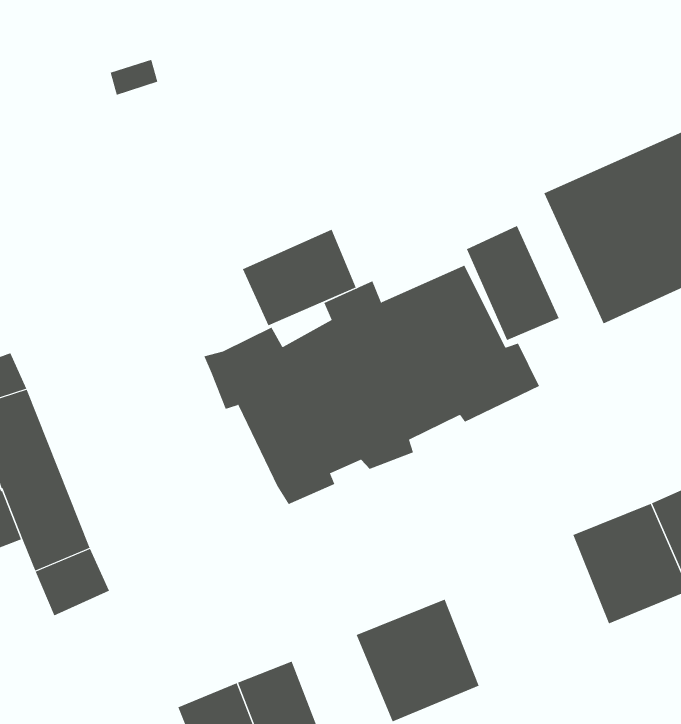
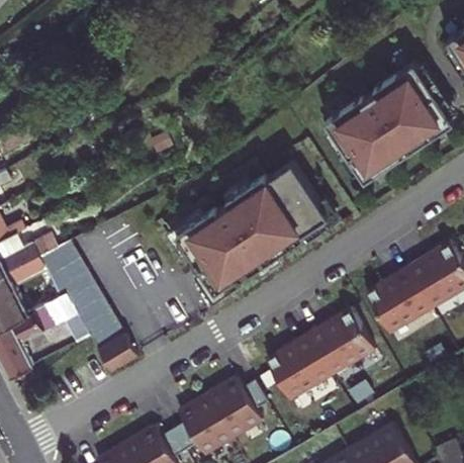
building: [466,225,559,341] -> none
building: [242,229,357,326] -> none
building: none -> [307,308,372,374]

